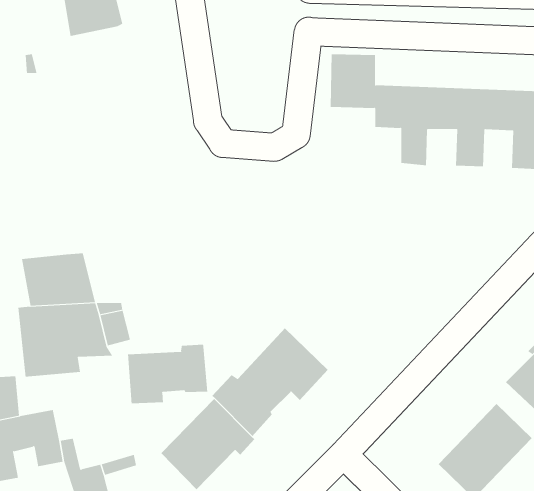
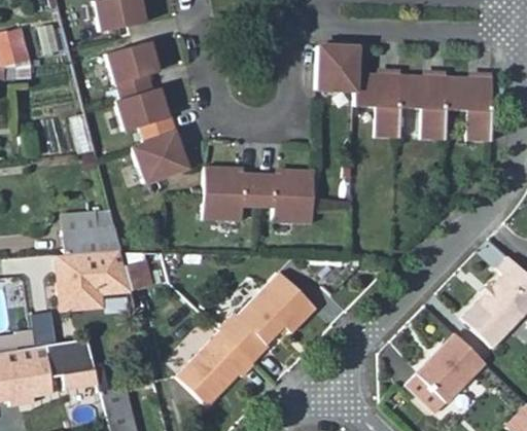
building: none -> [108,44,187,182]
building: none -> [202,167,313,222]
building: [127,344,208,404] -> none

